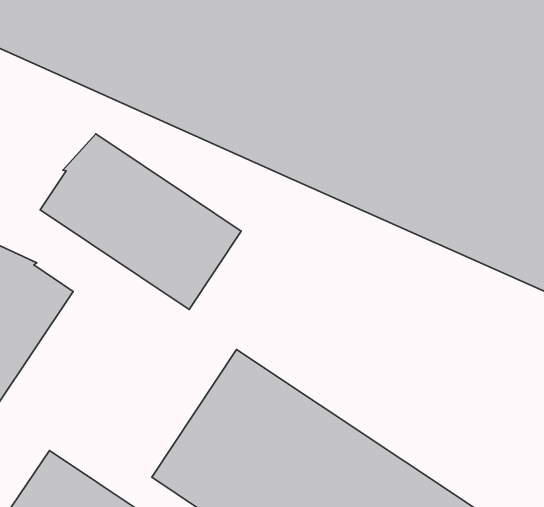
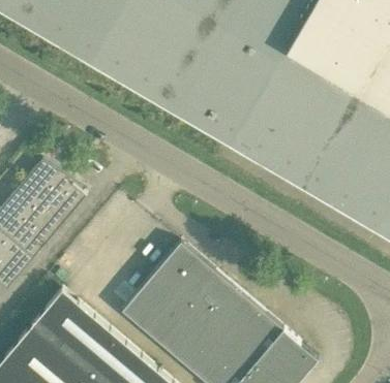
building: [40,134,241,309] -> none

